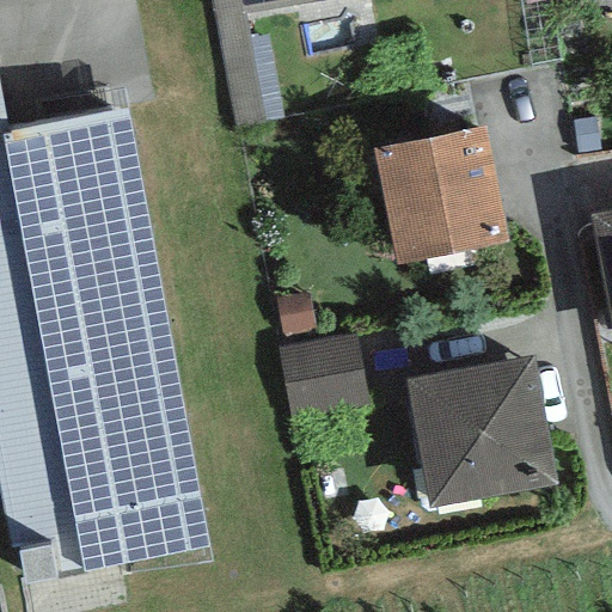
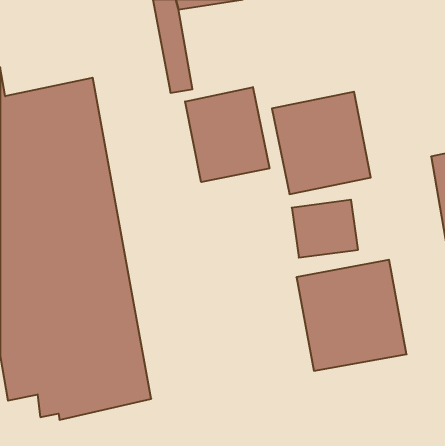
building: none -> [185,87,269,182]
building: [280,335,371,414] -> [292,200,358,258]

